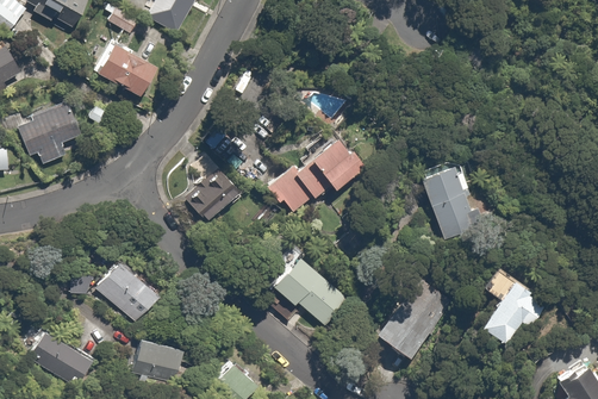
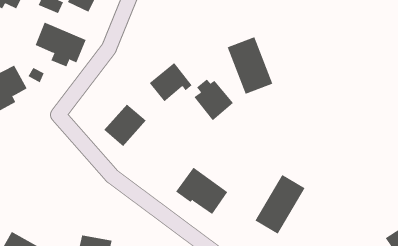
building: [419,157,479,236] -> [227,36,273,94]
building: [260,160,319,213] -> [149,62,193,102]
building: [96,262,162,326] -> none
building: [481,264,549,342] -> none

